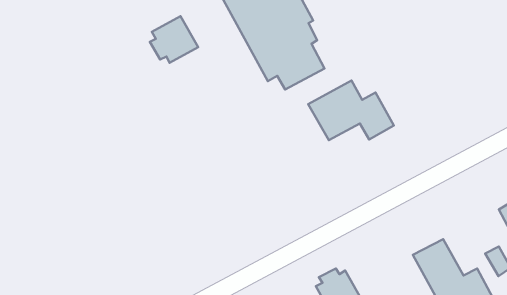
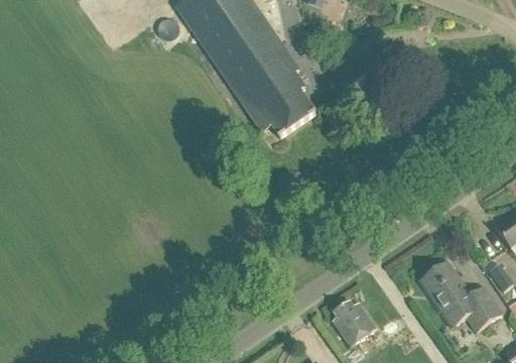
building: [150,16,198,63] -> none
building: [308,81,394,140] -> none

